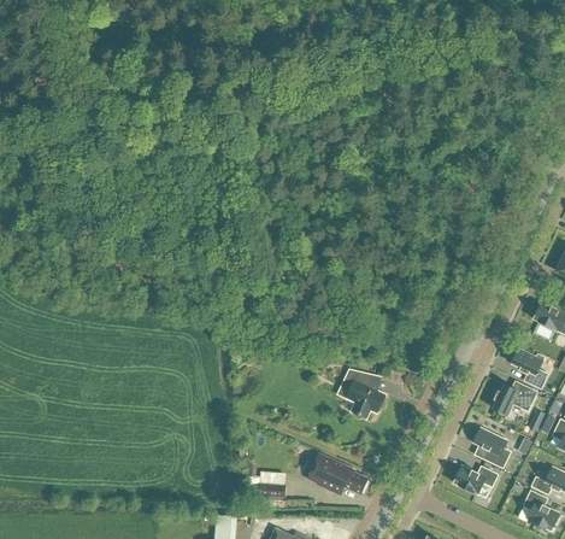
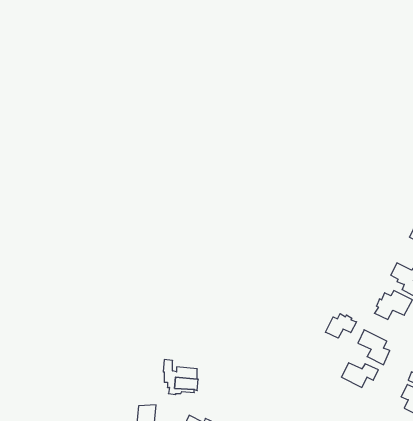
building: [343,370,386,418] -> none
building: none -> [325,314,357,338]
building: [308,453,369,494] -> none

